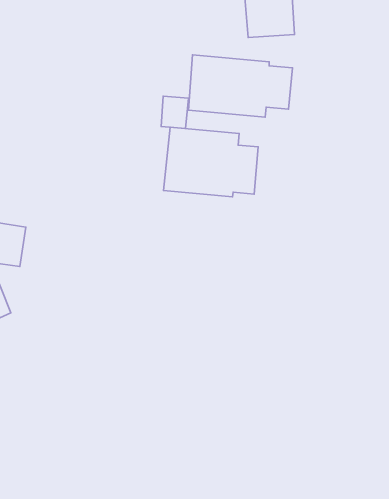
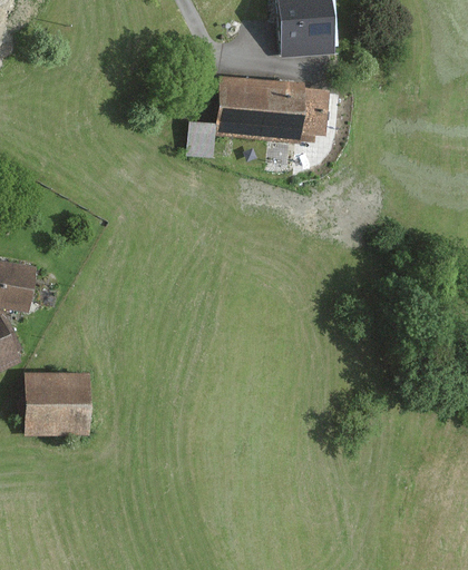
building: [163,127,258,197] -> none
building: none -> [20,373,79,436]

